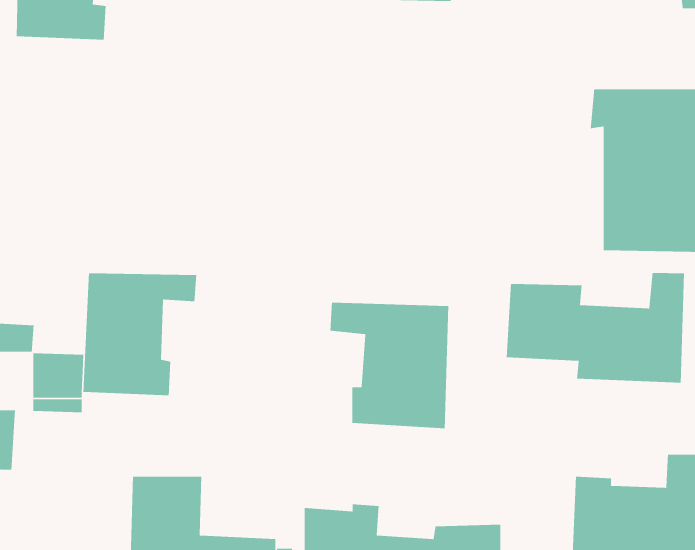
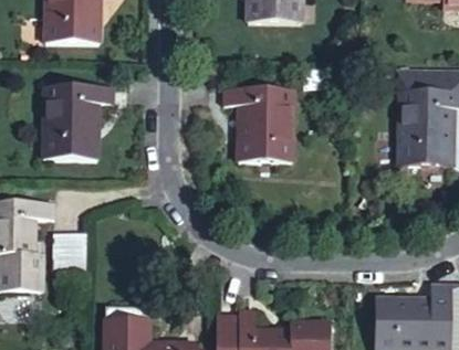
building: [506,272,685,383] -> none
building: [83,273,197,396] -> [41,85,109,159]
building: [329,302,449,429] -> [223,87,295,163]

